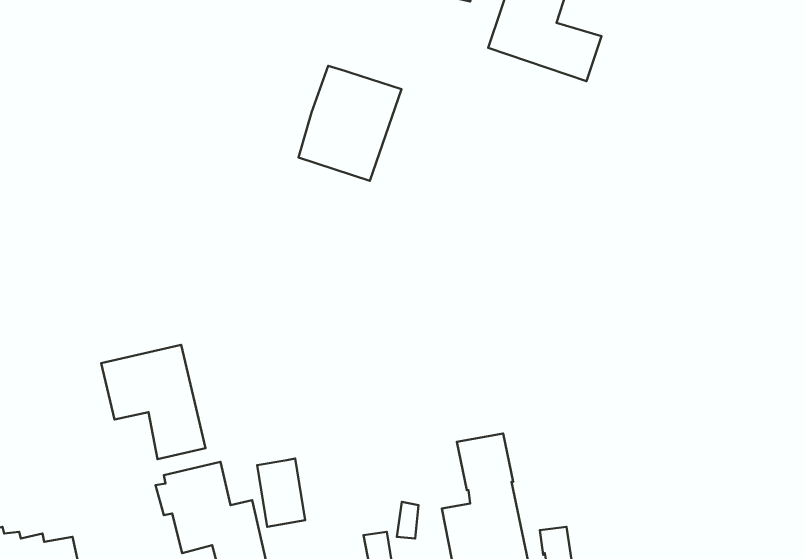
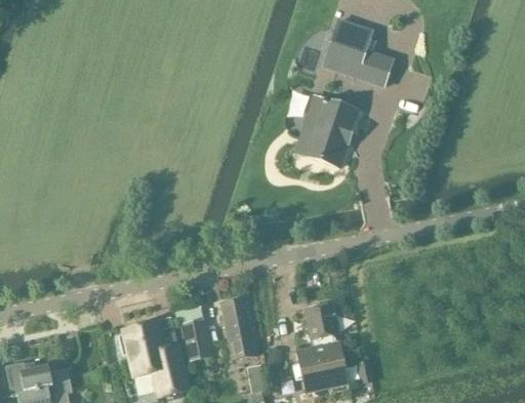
building: [298,66,401,181] -> [295,95,359,166]
building: [101,345,206,459] -> none
building: none -> [220,297,254,359]

